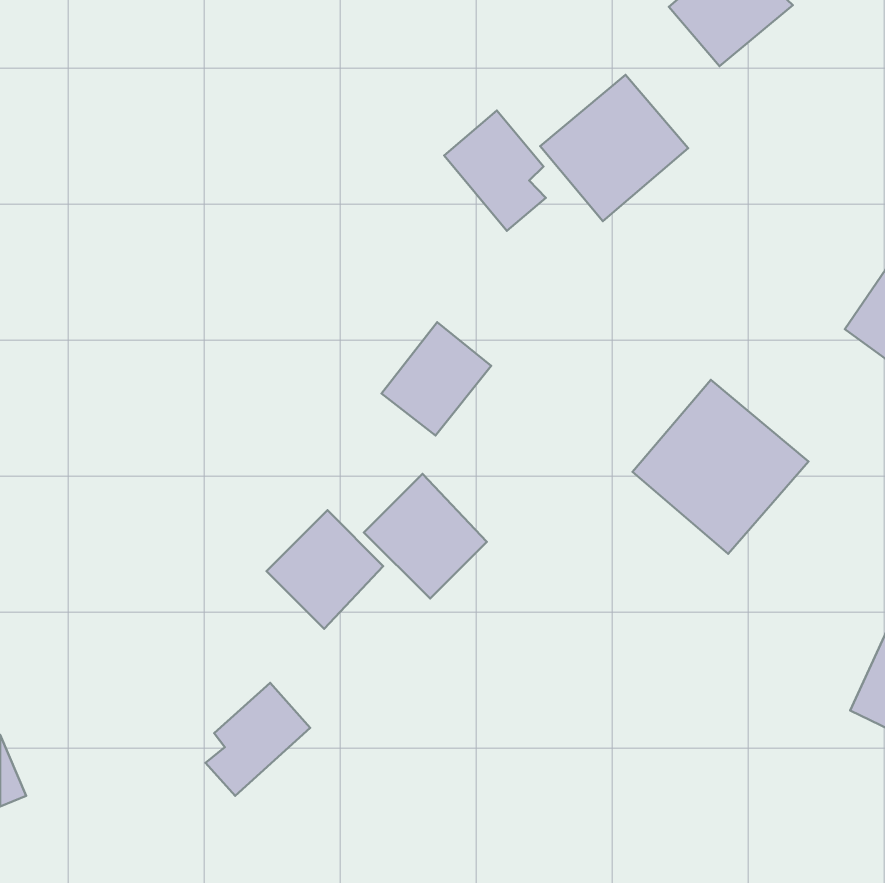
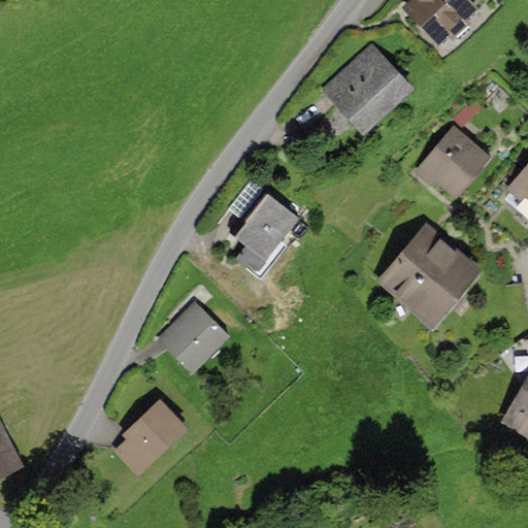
building: [444,111,546,231] -> none
building: none -> [419,124,489,194]
building: [364,474,487,599] -> none

